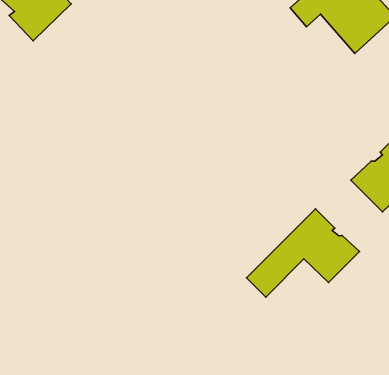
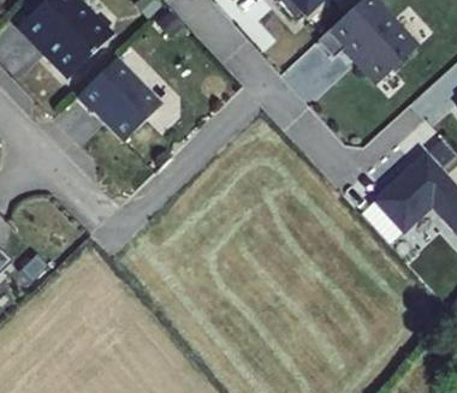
building: none -> [75,55,160,138]
building: [247,209,359,297] -> none

